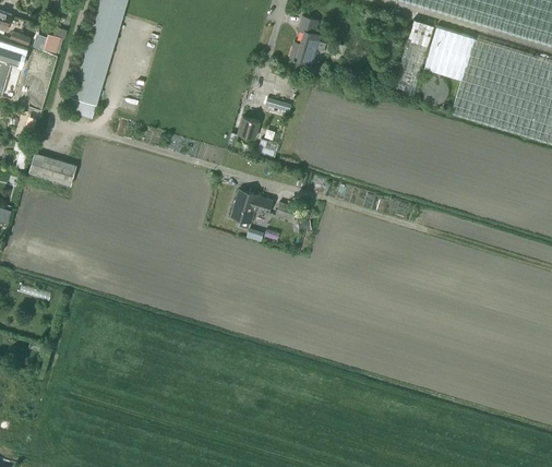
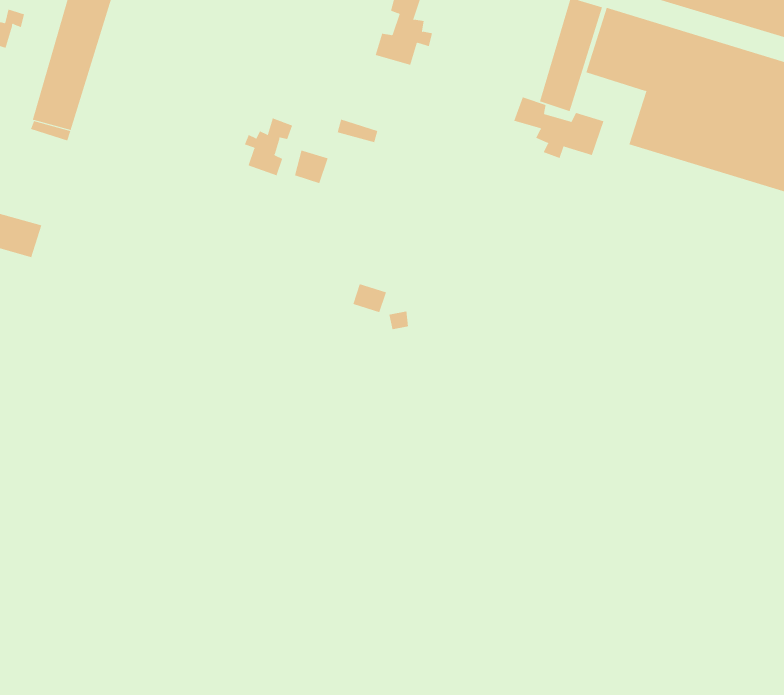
building: none -> [514,97,604,159]
building: none -> [244,118,293,176]
building: [230,189,273,228] -> none

